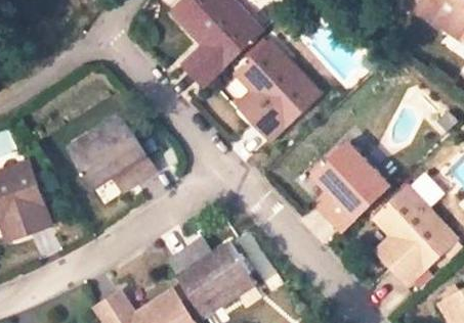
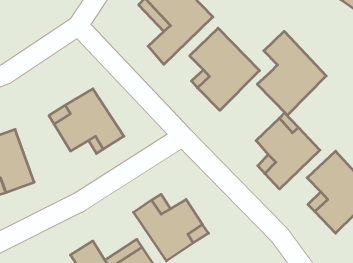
building: none -> [257,31,326,115]

